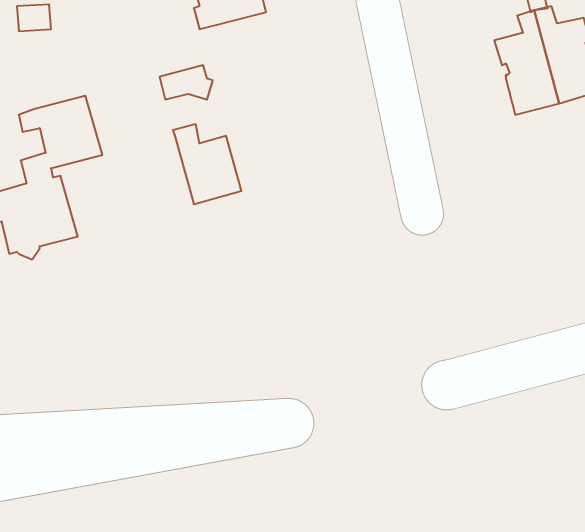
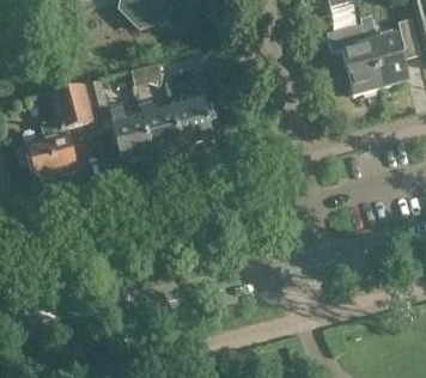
building: none -> [169,71,212,142]
building: none -> [84,79,151,159]

